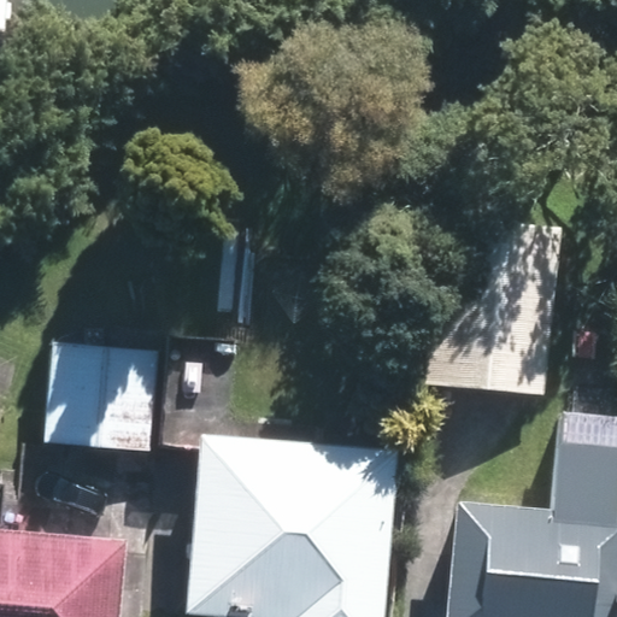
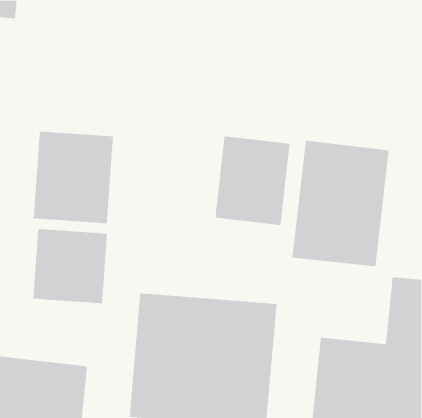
building: none -> [33,131,114,224]
building: none -> [215,136,290,226]

